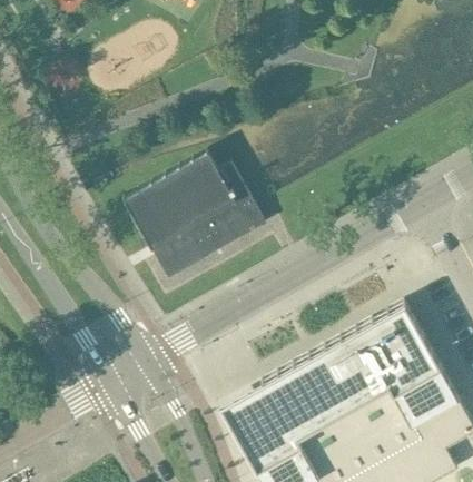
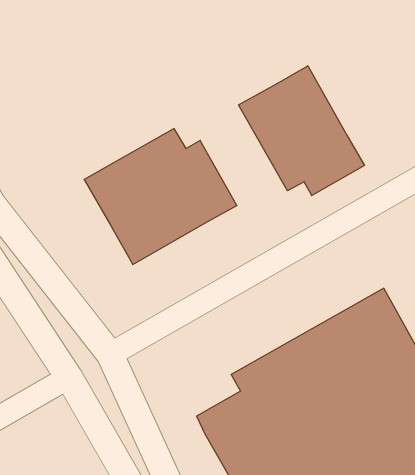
building: none -> [239,66,364,196]

